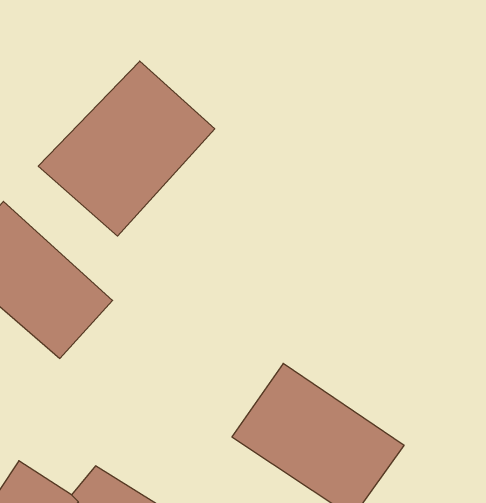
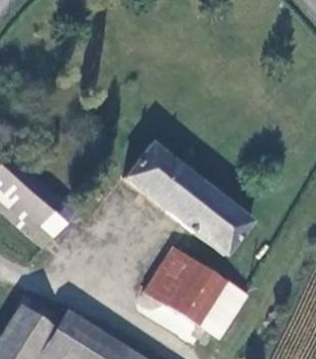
building: [38,61,215,236] -> none
building: none -> [125,142,253,254]

